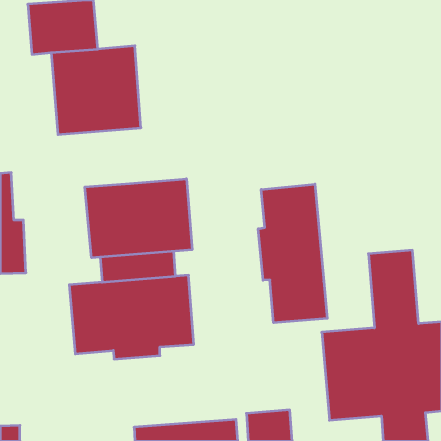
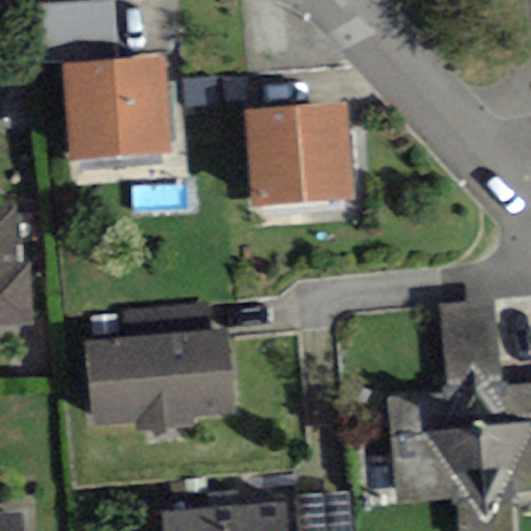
building: none -> [245,102,356,209]
building: [85,179,192,258] -> none
building: [258,184,327,323] -> none

